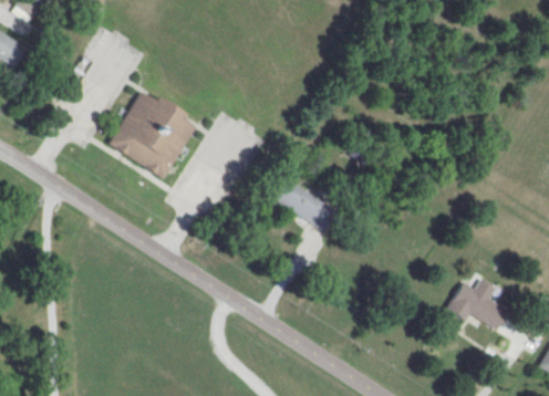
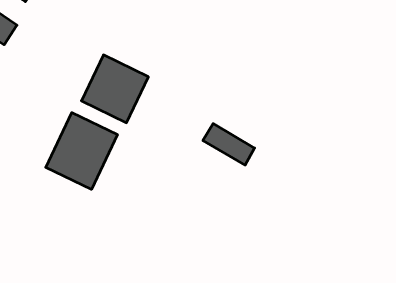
building: none -> [46,113,117,189]
building: [447,280,509,331] -> none

